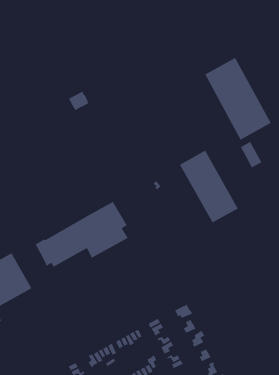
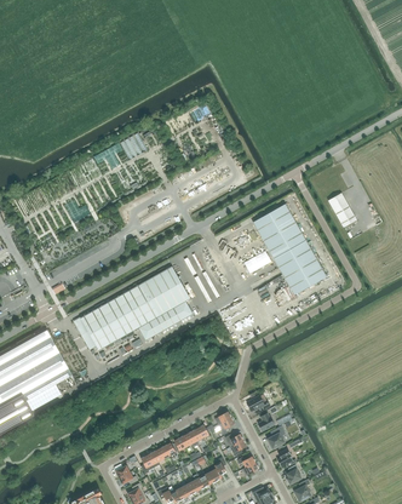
building: [204,57,272,141] -> none

